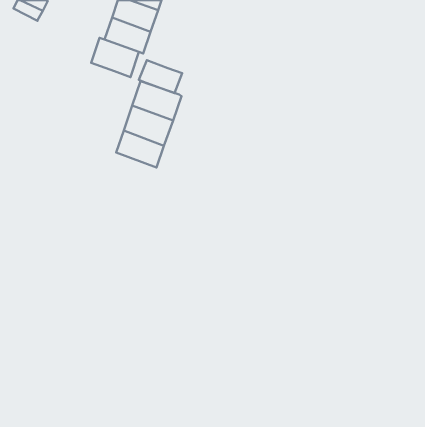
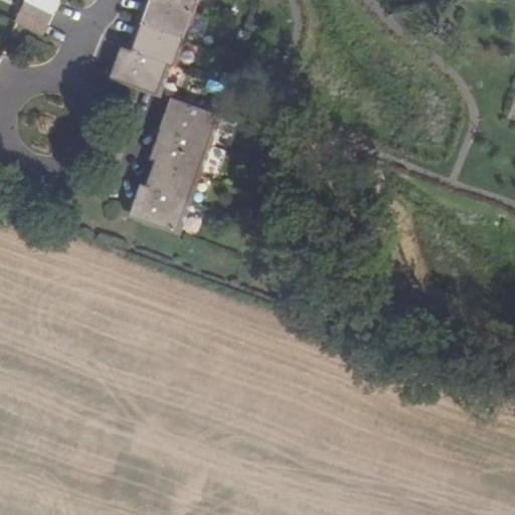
building: [139,60,182,93] -> none
building: none -> [130,184,188,231]

